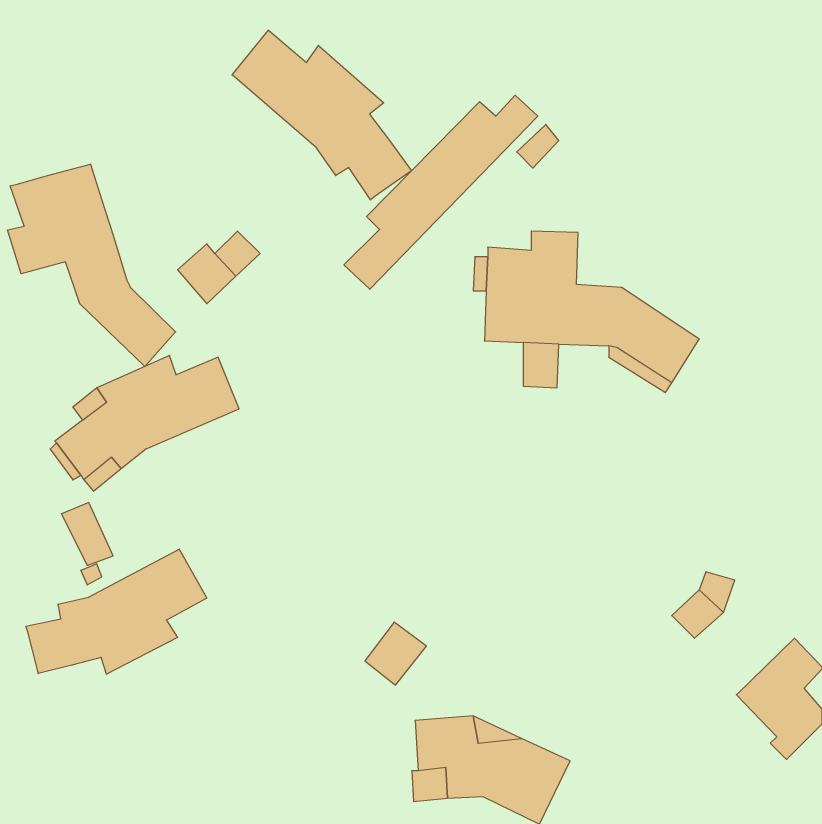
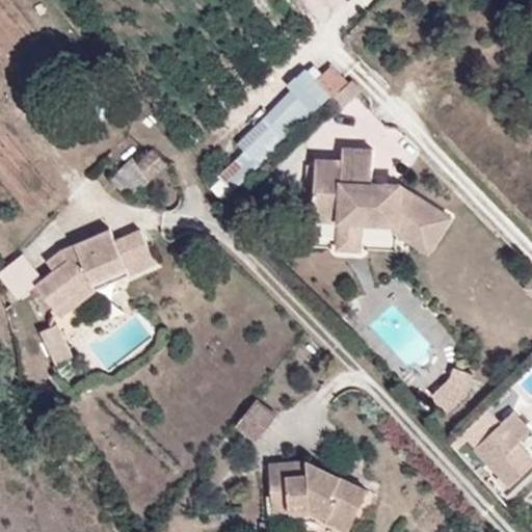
building: [232,30,411,200] -> none
building: [8,164,176,366] -> none
building: [26,549,207,674] -> none

